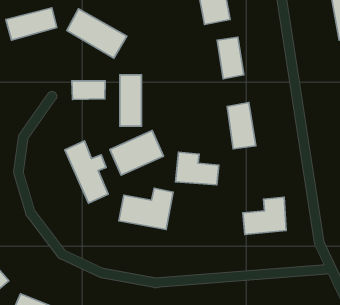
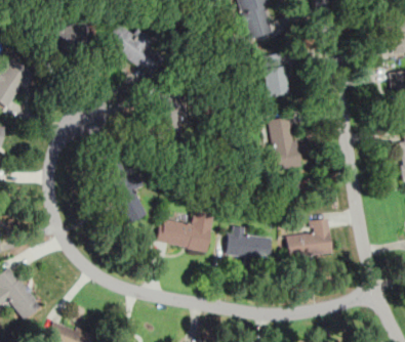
building: [72,81,105,100] -> none
building: [110,130,163,175] -> none
building: [175,152,219,185] -> [227,226,272,260]

